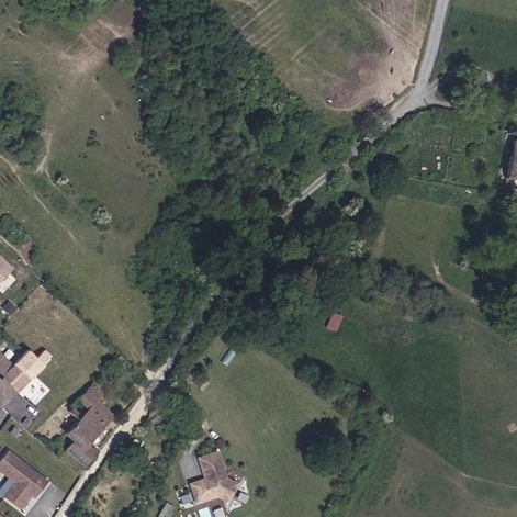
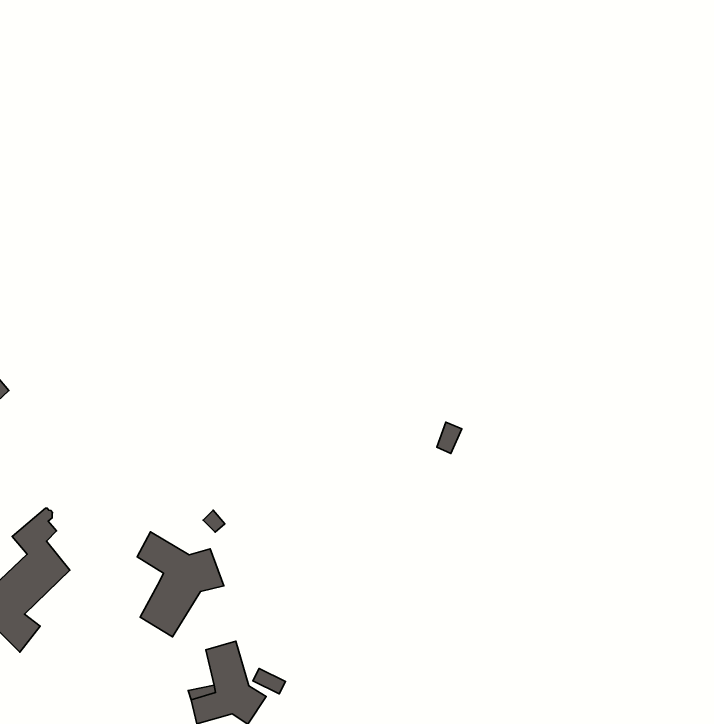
building: none -> [137,532,224,637]

